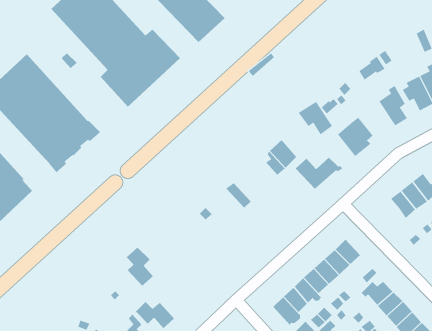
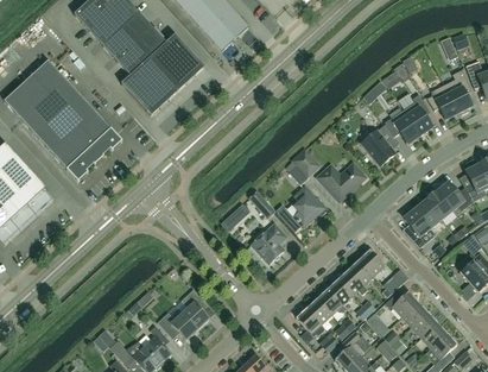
building: [298,101,333,135] -> [384,109,419,144]
building: none -> [292,185,328,227]
building: none -> [404,208,430,247]
building: none -> [251,223,285,263]
building: [126,247,154,287] -> [180,289,209,329]

